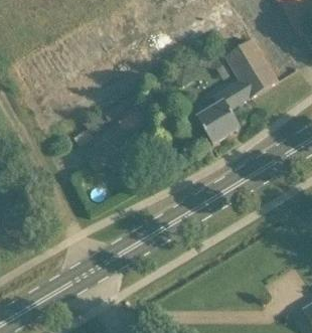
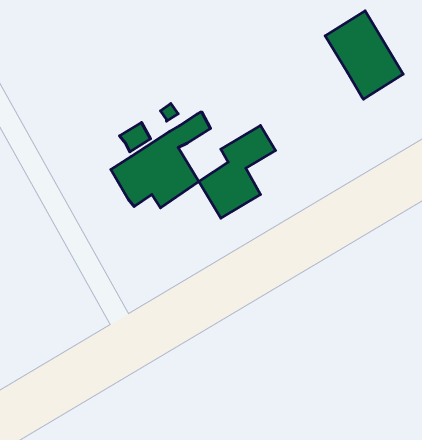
building: [197,80,250,144] -> [199,126,275,218]

